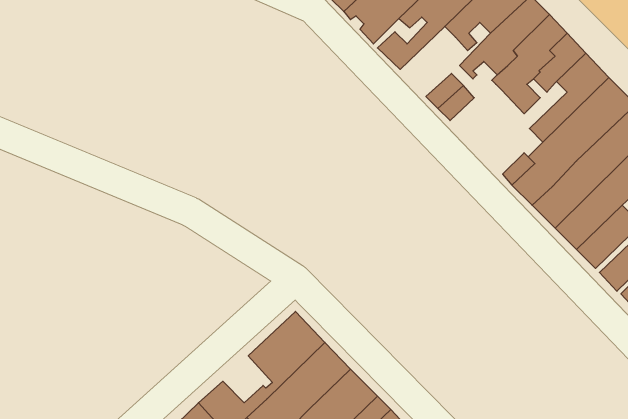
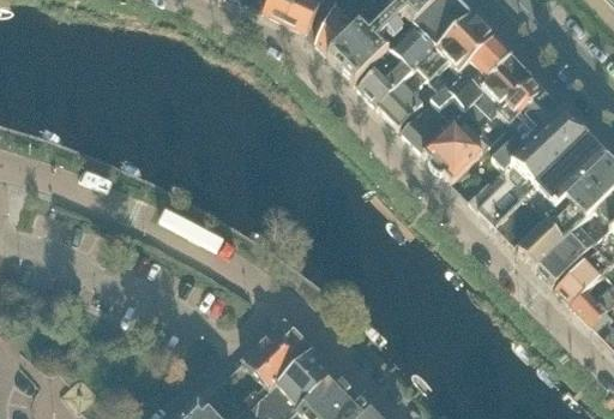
building: none -> [378,66,427,126]
building: none -> [426,118,488,180]

